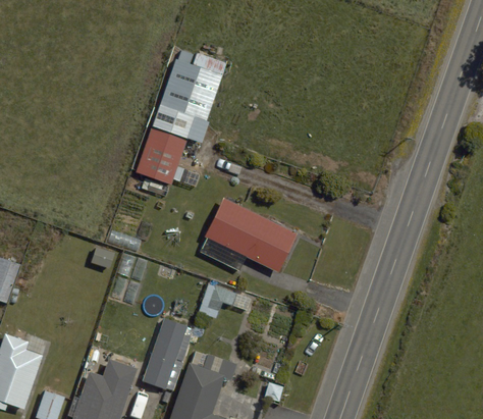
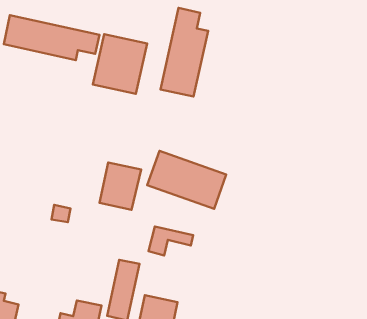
building: none -> [4,15,99,60]
building: none -> [160,8,208,97]
building: [135,127,186,185] -> [99,163,141,210]

